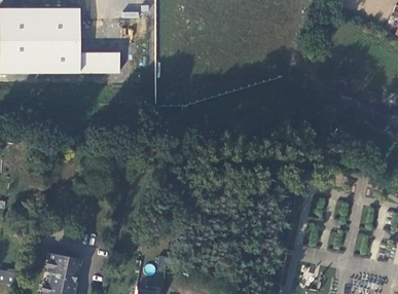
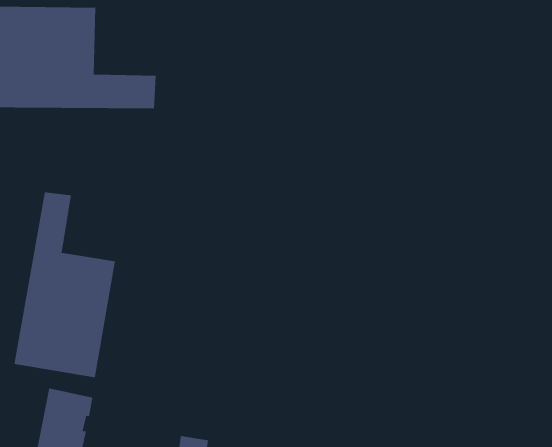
building: none -> [14,191,116,378]

